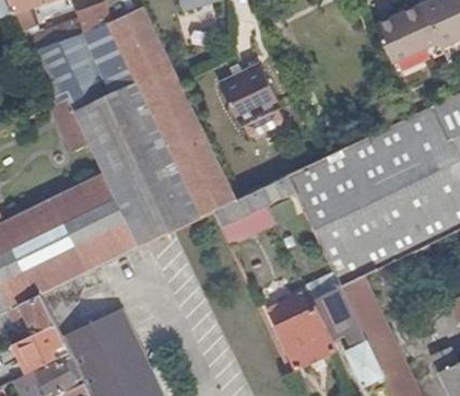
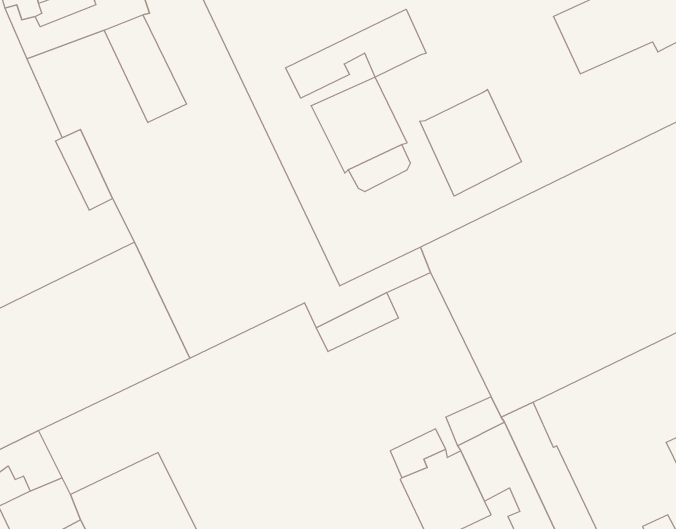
building: none -> [286,9,426,98]
building: [83,24,137,94] -> none
building: none -> [420,89,521,196]

